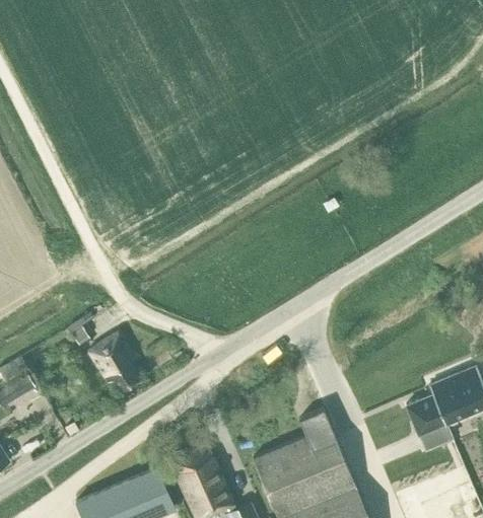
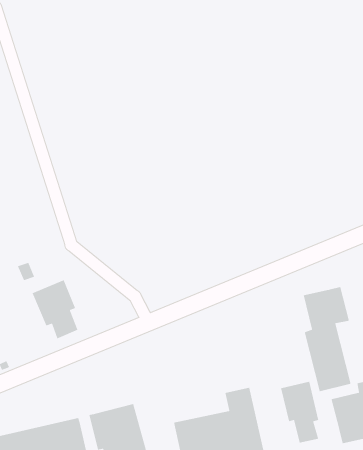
building: none -> [303,286,352,392]
building: none -> [280,381,319,444]

